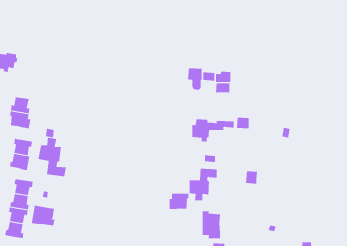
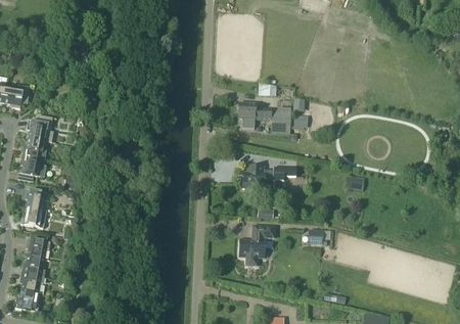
building: none -> [27,114,53,141]
building: [38,137,67,177] -> none
building: [169,193,189,210] -> none
building: [31,204,55,226] -> none
building: [202,211,221,239] -> none

